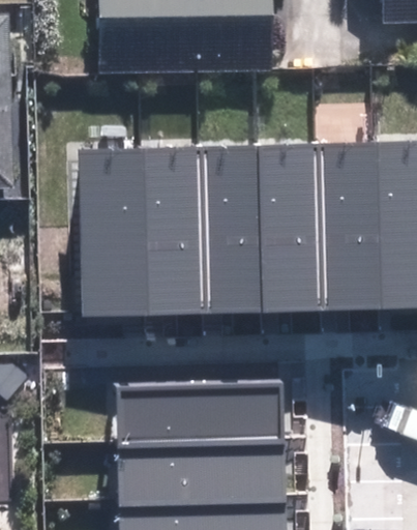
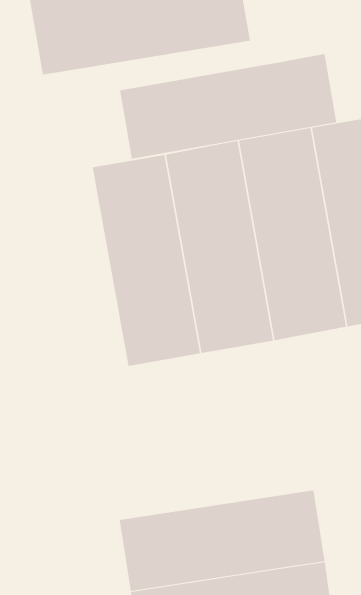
building: none -> [119,53,337,159]
building: [75,149,142,318] -> none
building: [116,378,279,440] -> none

